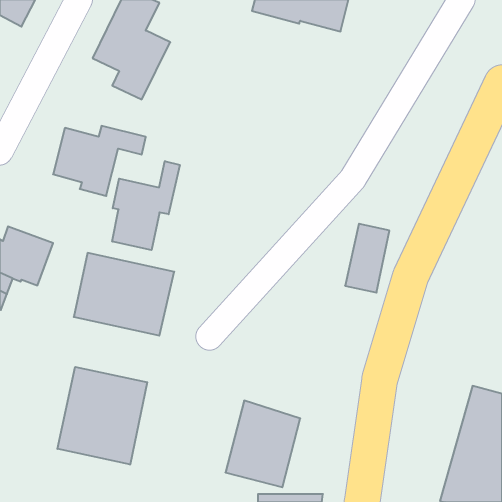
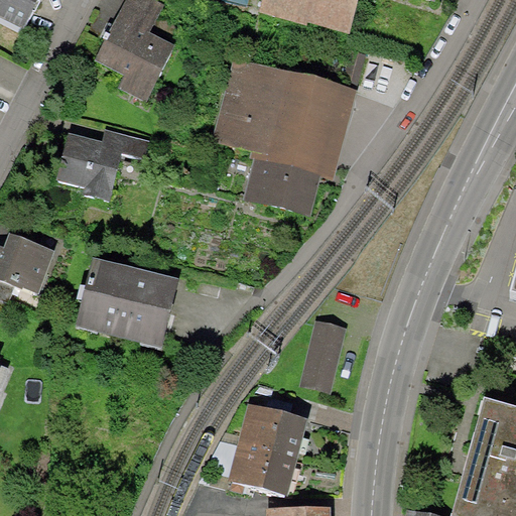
building: none -> [212,59,358,216]
building: [112,161,180,250] -> none
building: [345,224,389,293] -> [298,327,344,397]
building: [57,367,147,465] -> none

